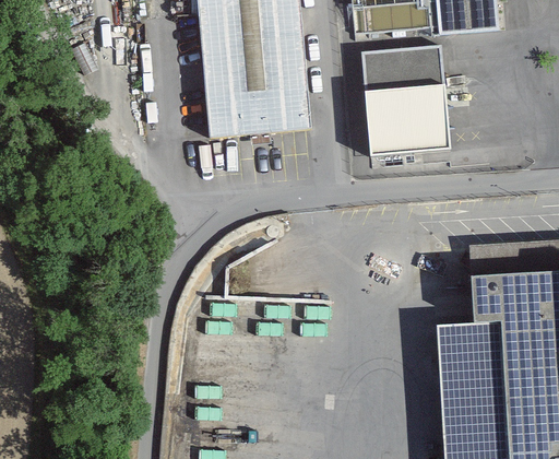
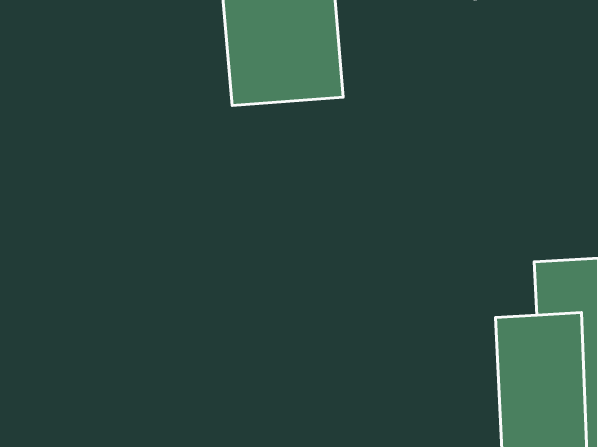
building: [349,47,436,154] -> none

